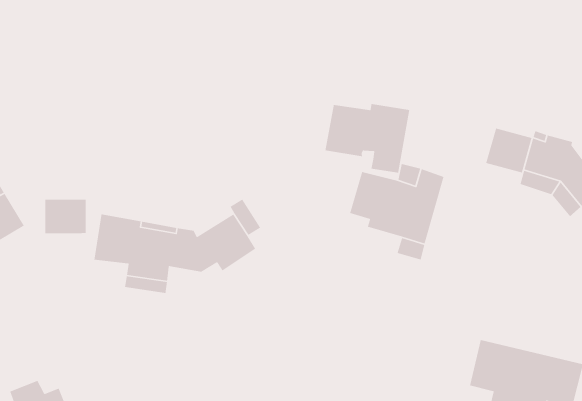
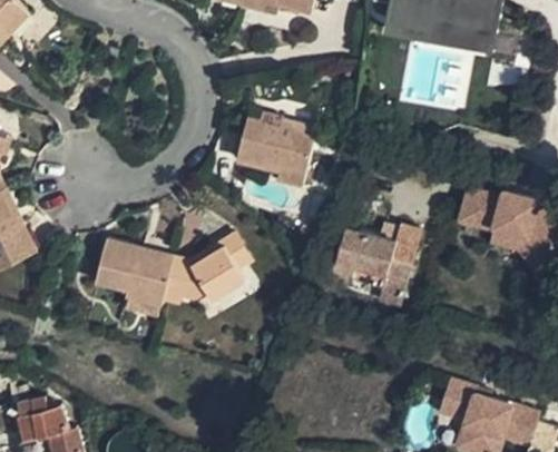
building: [325,103,410,174] -> [237,121,317,188]
building: [44,199,87,234] -> none

